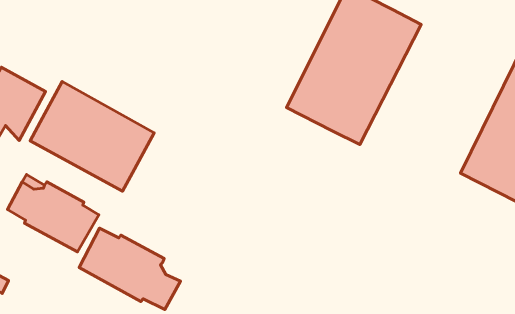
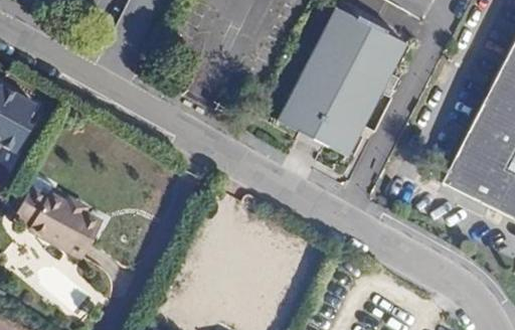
building: [30,82,154,191] -> none
building: [79,228,180,310] -> none

